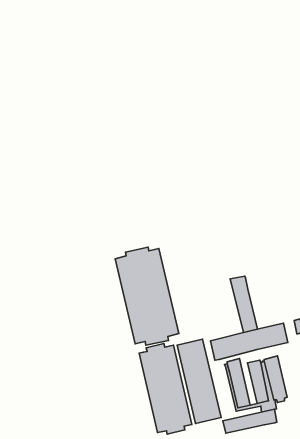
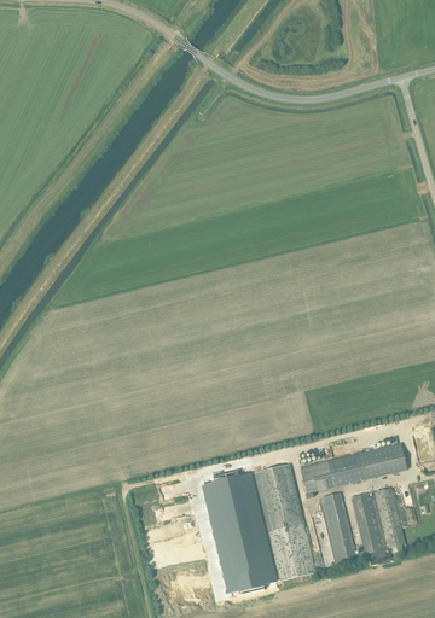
building: [115,247,179,345] -> none
building: [230,276,257,333] -> none
building: [223,409,277,433] -> none

